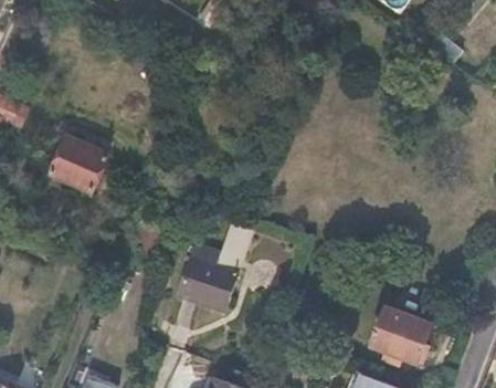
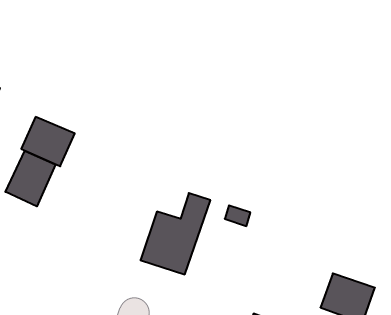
building: none -> [5,151,56,206]

